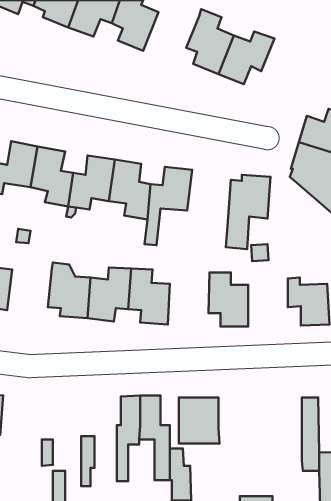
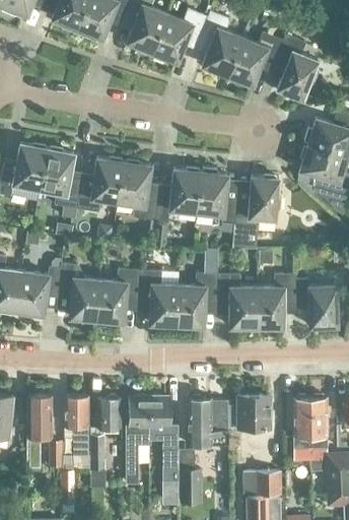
building: none -> [152,10,208,62]
building: none -> [270,36,318,100]
building: none -> [196,172,239,223]
building: none -> [16,268,61,315]
building: none -> [177,273,218,327]
building: none -> [257,275,296,328]
building: none -> [27,396,52,468]
building: none -> [64,396,86,455]
building: none -> [227,396,271,430]
building: none -> [98,398,121,428]
building: none -> [294,399,310,462]
building: none -> [245,471,282,495]

